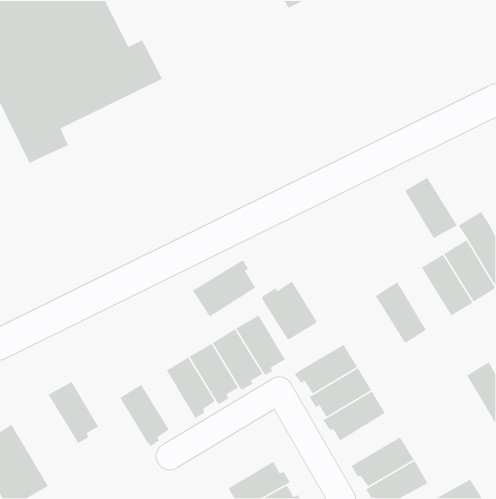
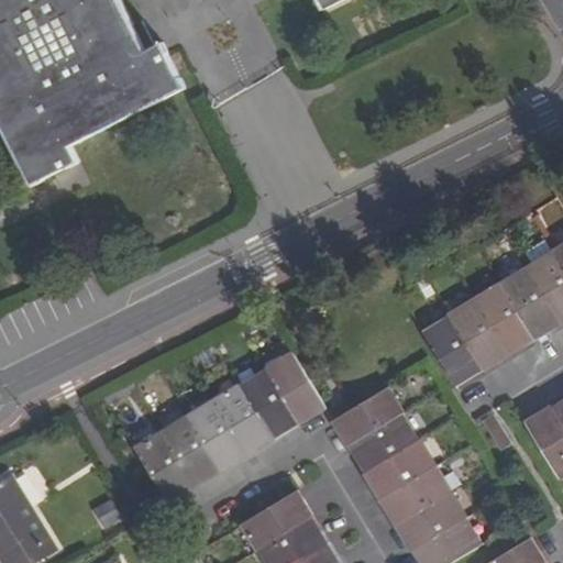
building: [404,177,458,239] -> [448,301,508,372]
building: [192,260,257,318] -> none
building: [261,281,318,341] -> none
building: [47,381,99,444] -> [159,417,218,488]
building: none -> [379,465,451,522]
building: none -> [241,493,312,550]

